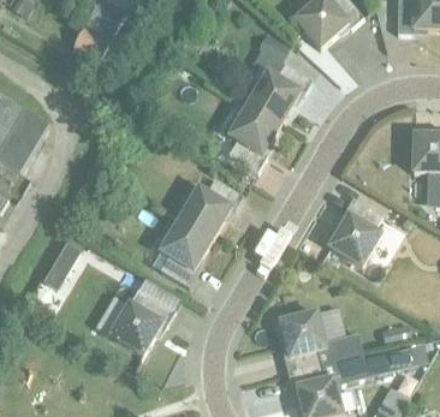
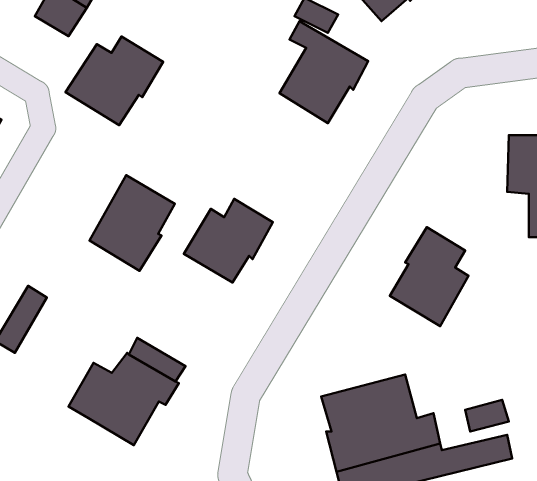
building: none -> [65,37,163,125]
building: [226,102,281,171] -> none
building: [151,218,213,286] -> [89,175,175,271]

